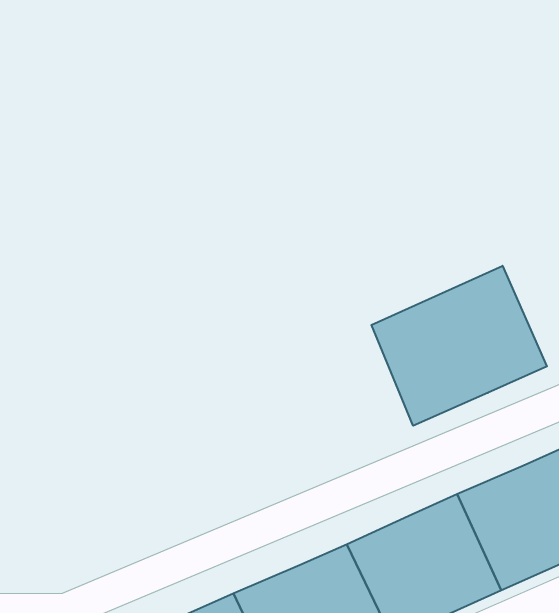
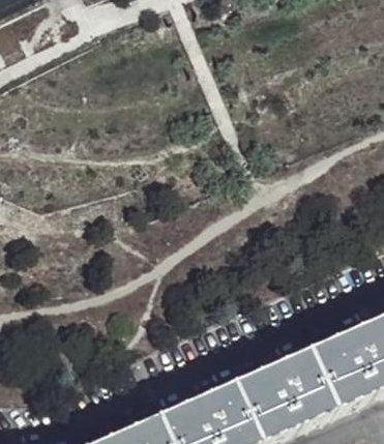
building: [371,266,547,426] -> none

